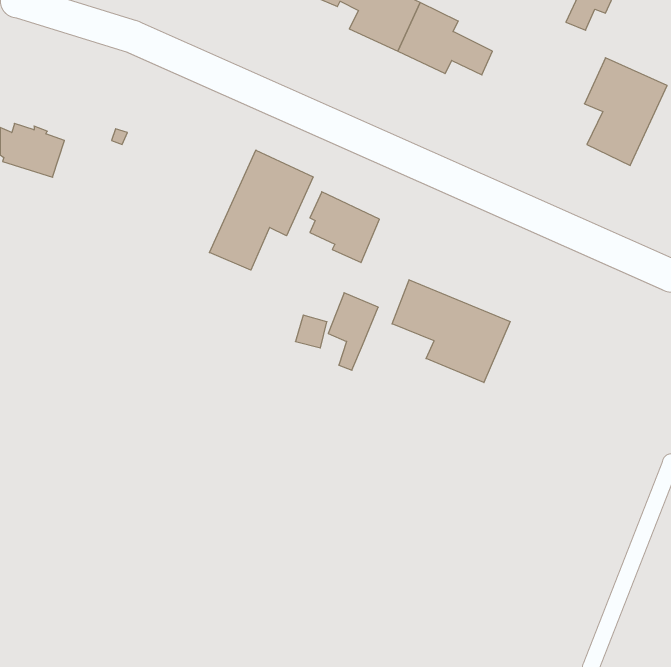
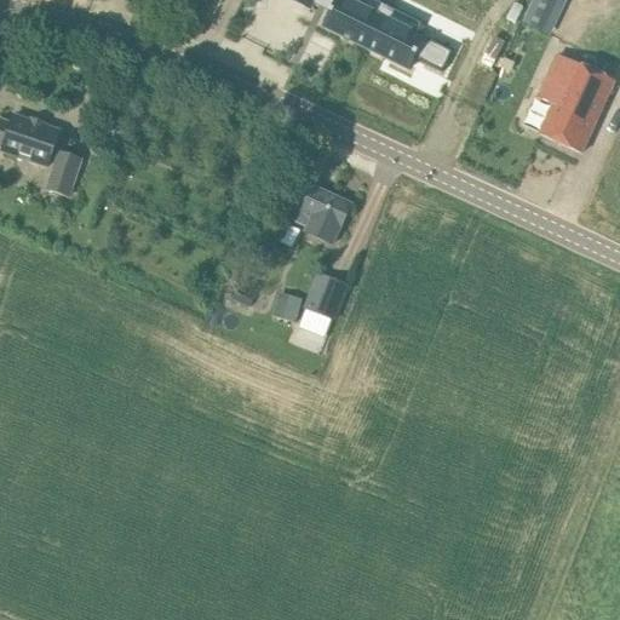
building: [209,150,313,270] -> none
building: none -> [47,150,81,194]
building: [392,280,510,383] -> none

